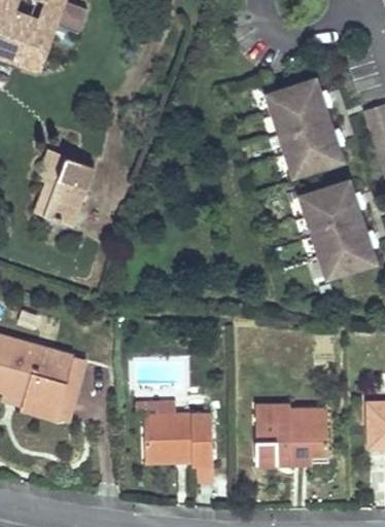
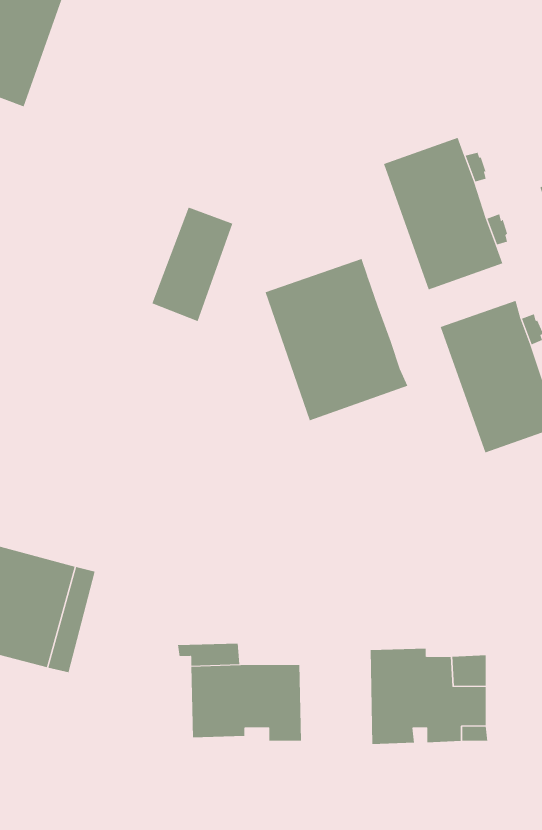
building: [44,154,95,225] -> [152,207,233,322]
building: none -> [265,258,408,421]

